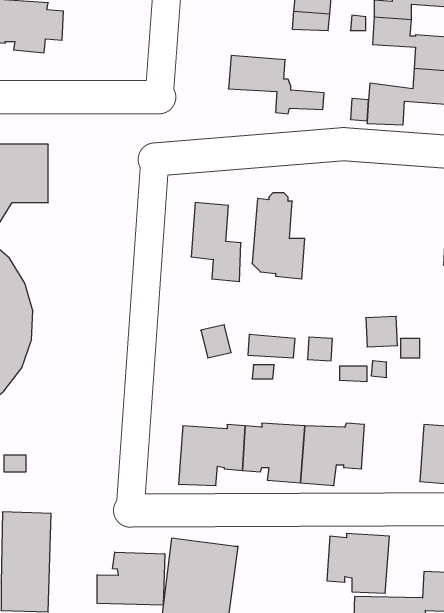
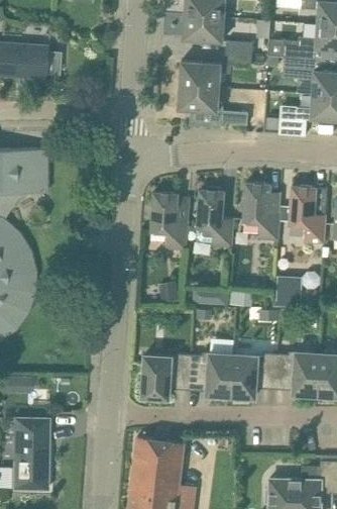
building: none -> [180,61,220,88]
building: none -> [241,182,280,240]
building: none -> [289,186,325,243]
building: [327,534,389,593] -> [274,351,320,395]
building: [97,552,165,605] -> none

